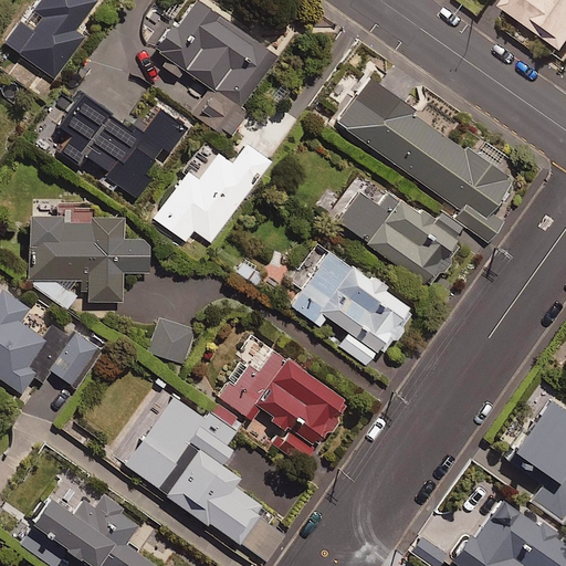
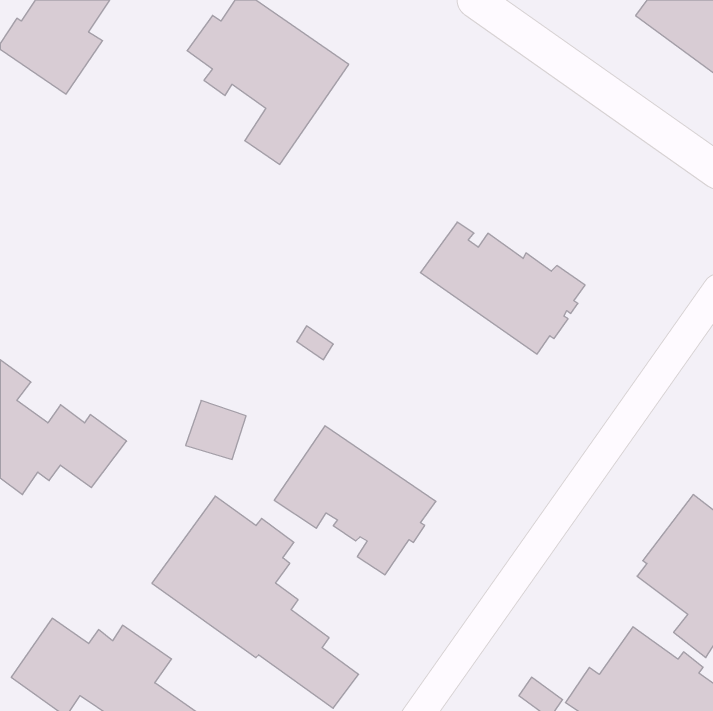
building: [339,77,513,245] -> none
building: [57,95,189,199] -> none
building: [154,140,270,244] -> none
building: [27,210,149,303] -> none
building: [292,244,415,365] -> none

